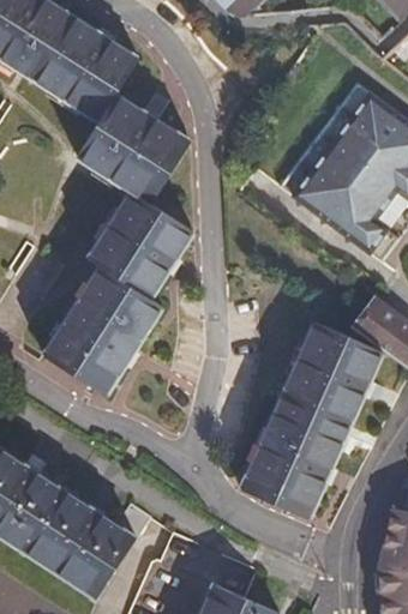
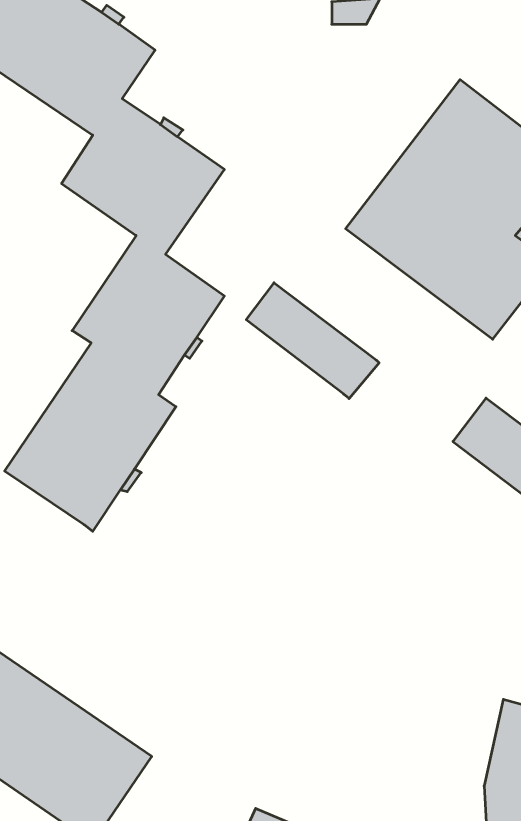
building: none -> [246,283,379,399]
building: [233,320,379,517] -> none

